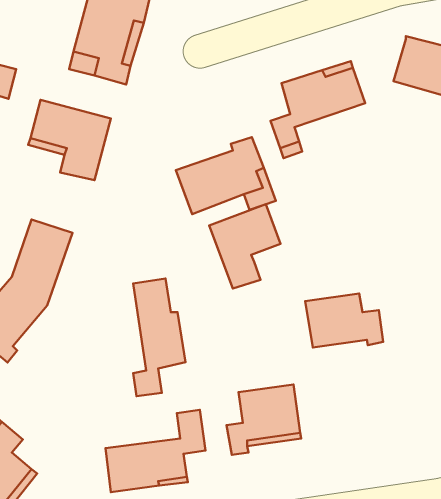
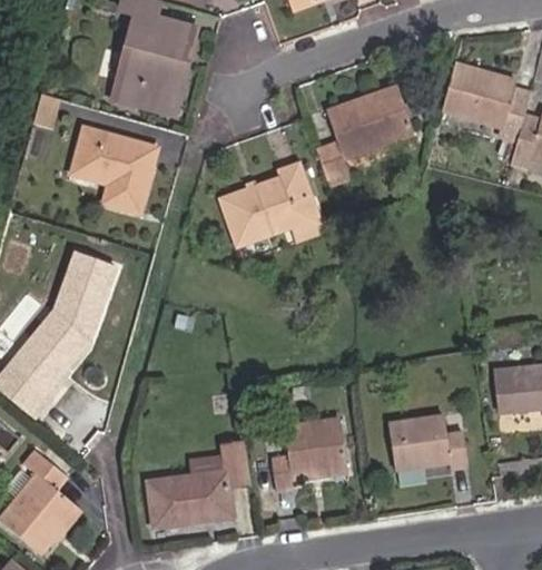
building: [209,204,280,289] -> none
building: [133,278,186,396] -> none
building: [305,294,383,347] -> [388,415,467,470]

